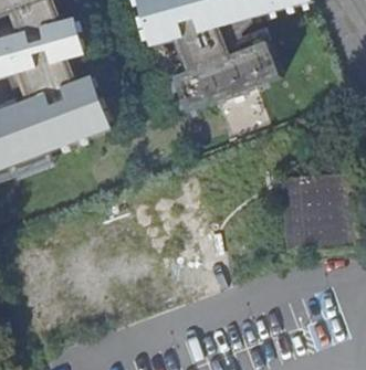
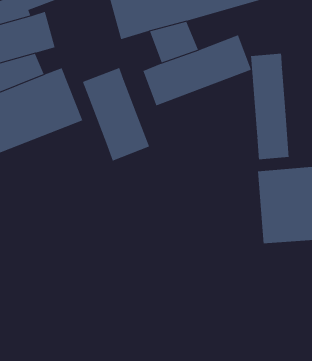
building: none -> [251,53,289,160]
building: none -> [82,67,150,161]

